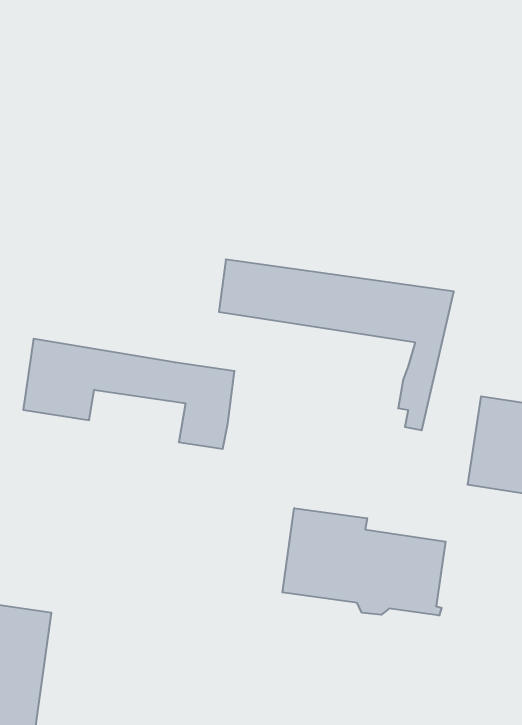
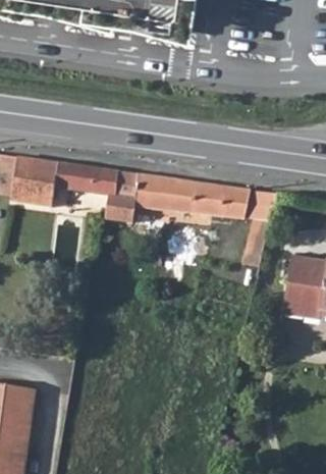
building: [23,339,235,449] -> [11,155,139,221]
building: [282,508,446,616] -> none

